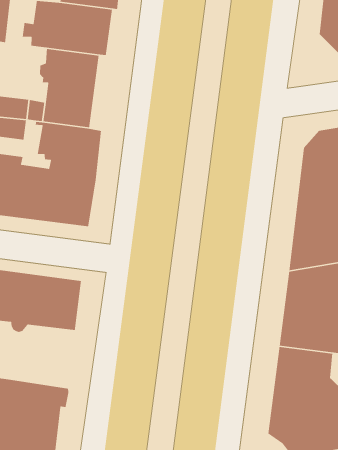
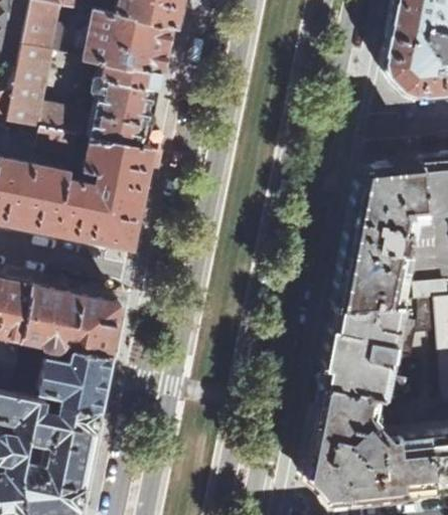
building: none -> [39,349,114,414]

